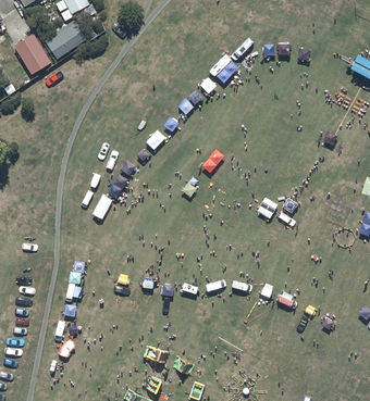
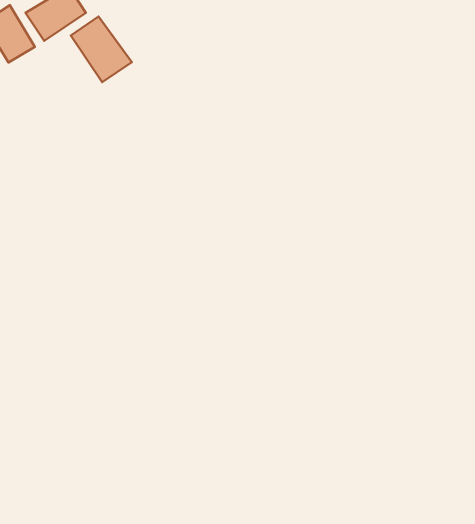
building: none -> [71,16,132,82]

